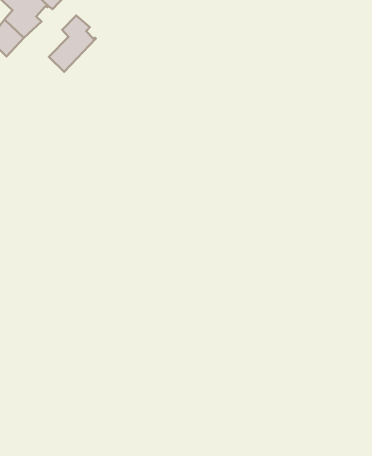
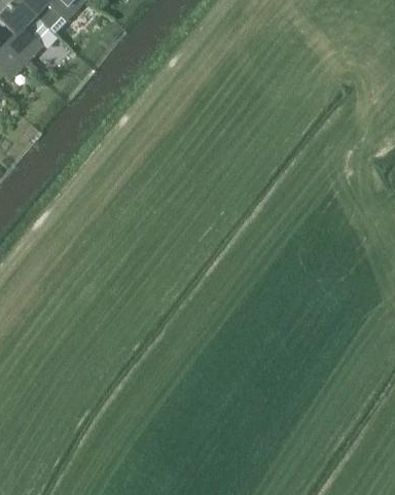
building: [49,15,96,72] -> none

